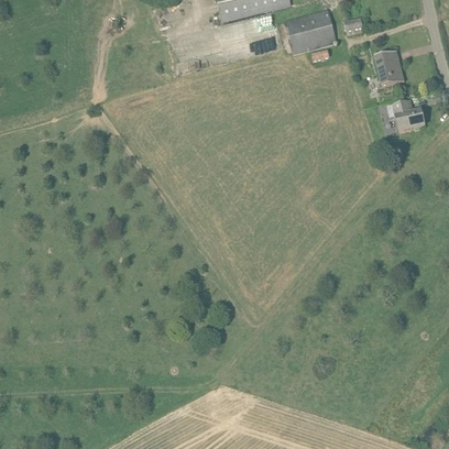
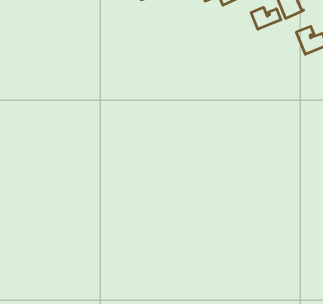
building: none -> [251,7,281,29]

